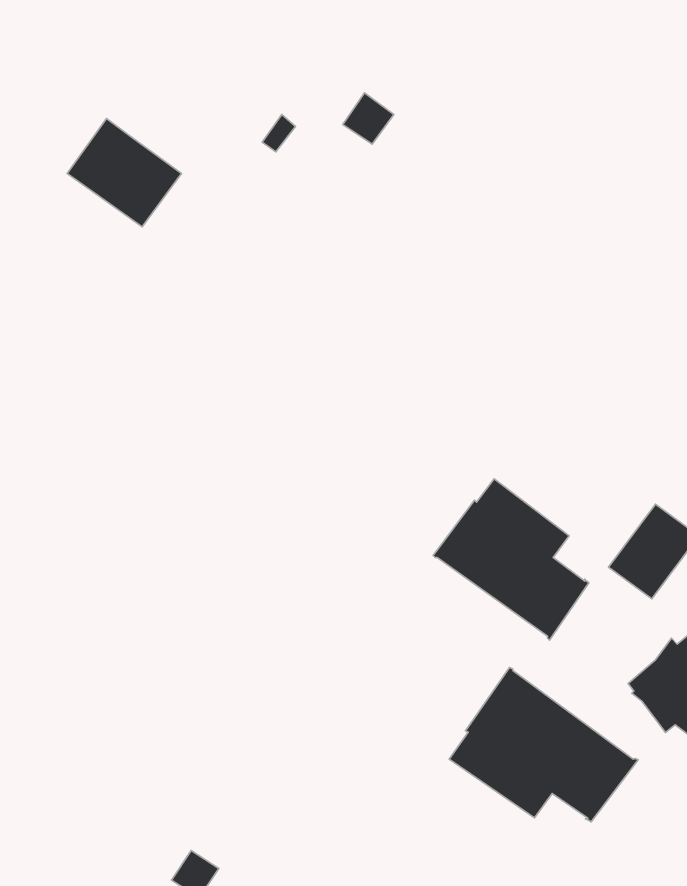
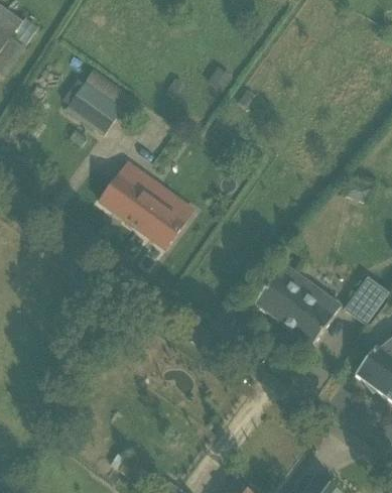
building: none -> [100,160,185,248]
building: [449,667,638,822] -> none

